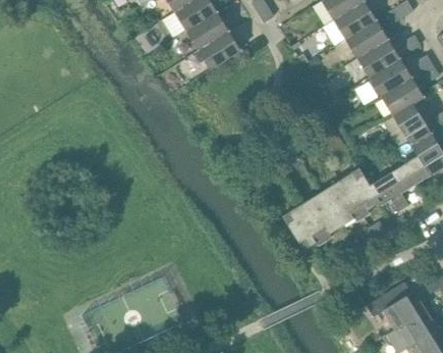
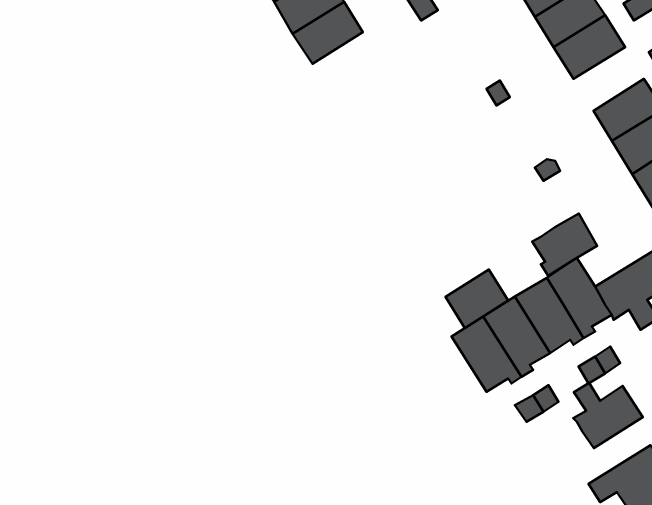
building: [198,30,240,68] -> none
building: [356,39,399,78] -> none
building: none -> [532,214,597,276]
building: none -> [446,269,508,328]
building: none -> [573,383,643,448]

